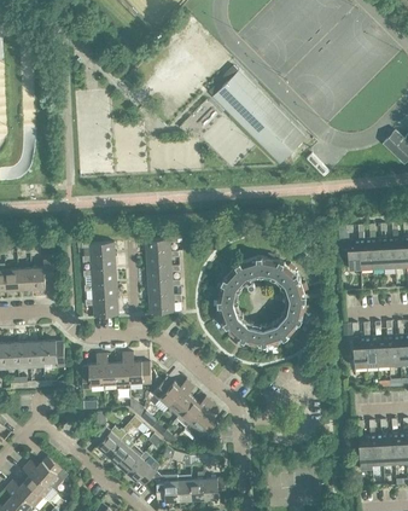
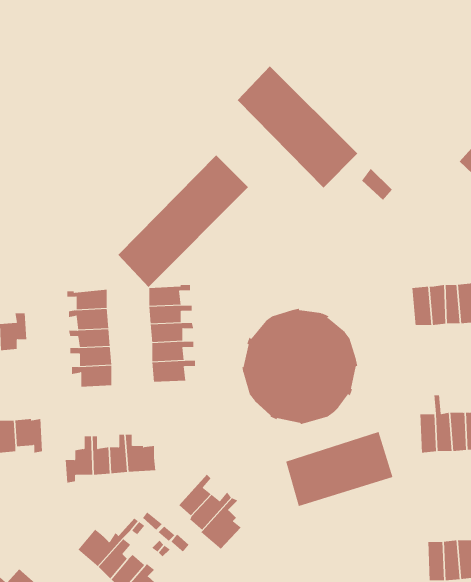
building: none -> [117,154,249,288]
building: none -> [285,431,393,507]
building: [152,377,190,407] -> none

